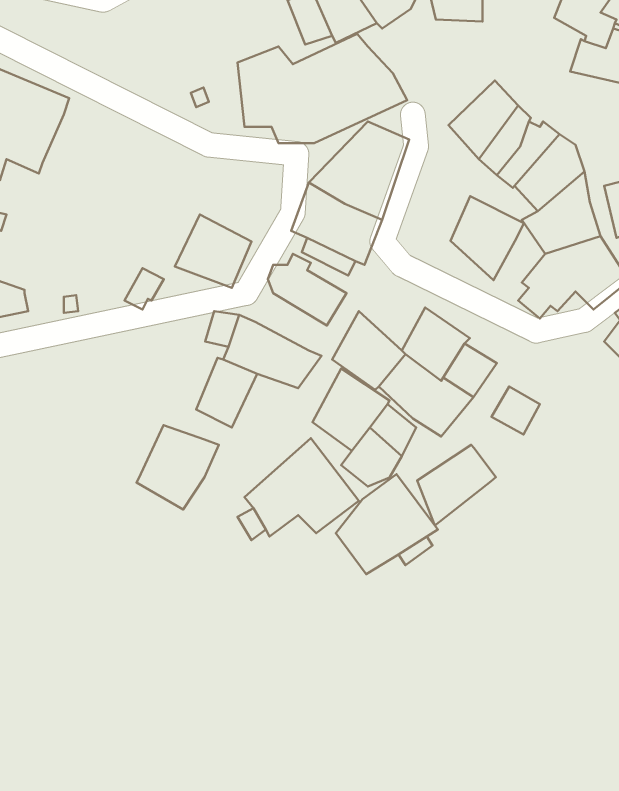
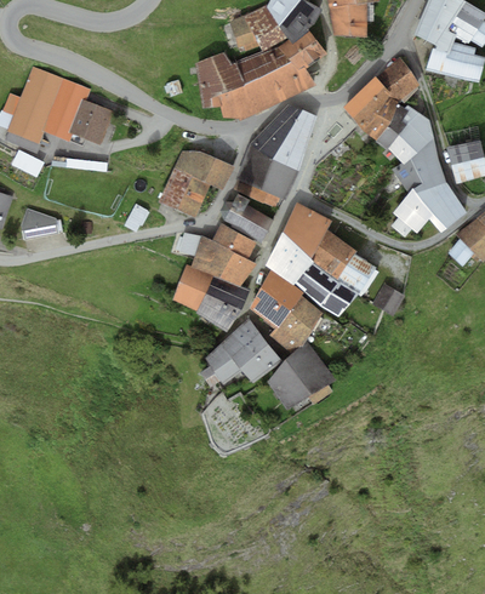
building: none -> [287,35,326,70]
building: none -> [373,56,420,102]
building: none -> [67,98,112,143]
building: none -> [173,150,233,189]
building: [451,196,524,280] -> [281,201,331,258]
building: none -> [211,222,255,258]
building: [137,425,219,509] -> [194,274,250,331]
building: [417,445,496,526] -> none

